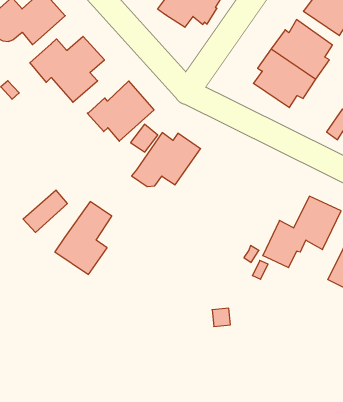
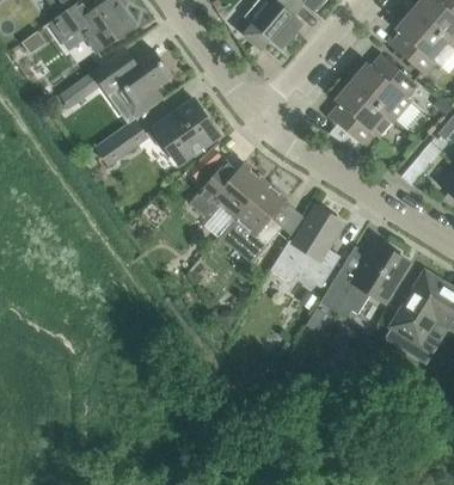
building: none -> [270,204,344,283]
building: [23,190,67,232] -> [97,119,146,162]
building: [55,202,112,274] -> [222,180,287,258]

